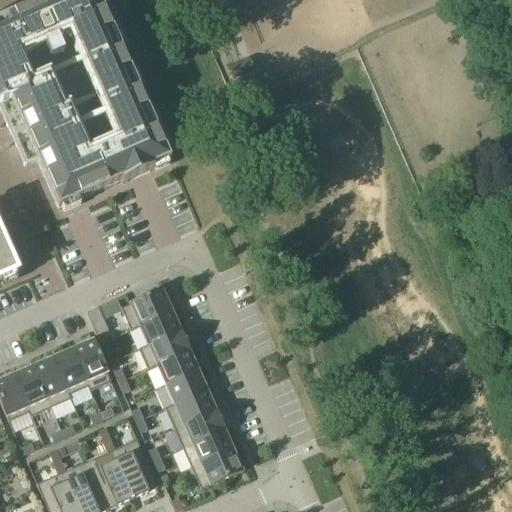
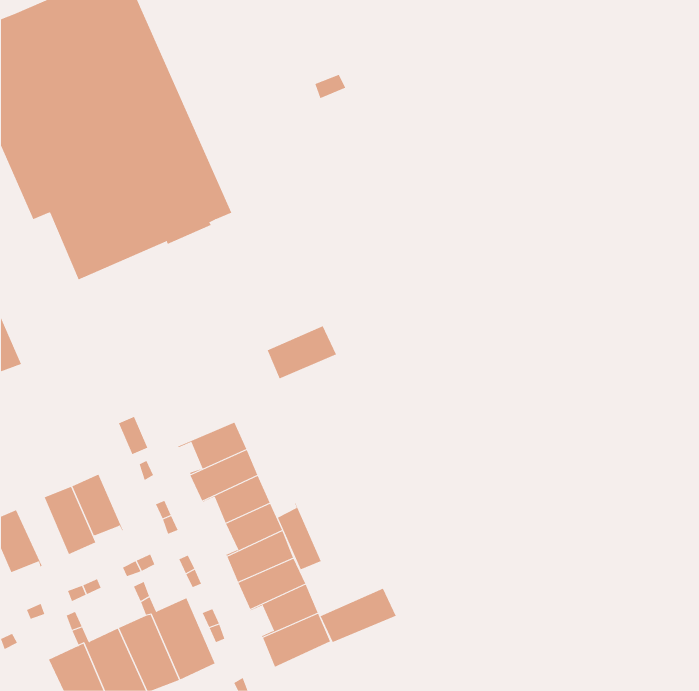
building: [122,286,173,325] -> [267,326,337,379]
building: [74,336,112,386] -> none
building: [14,362,52,412] -> none
building: none -> [274,502,321,570]
building: none -> [320,588,397,643]

